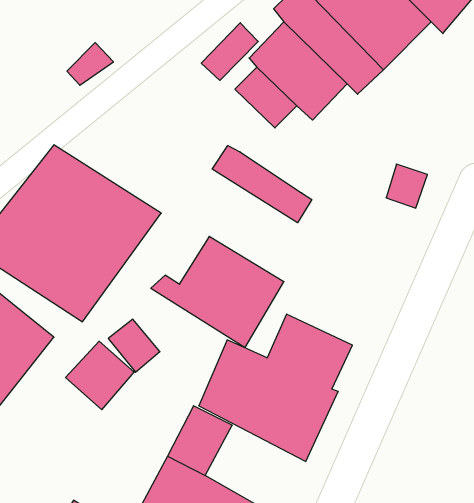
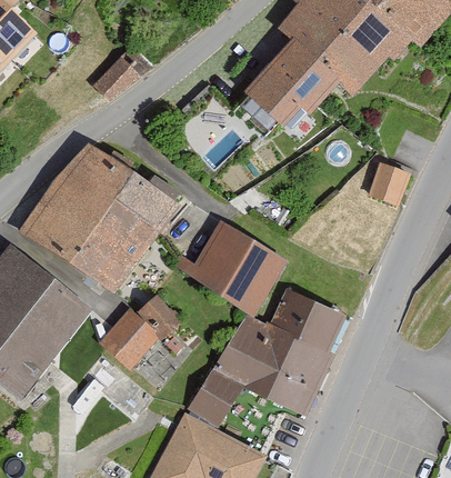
building: [201,23,258,80] -> none
building: [212,146,312,223] -> none

